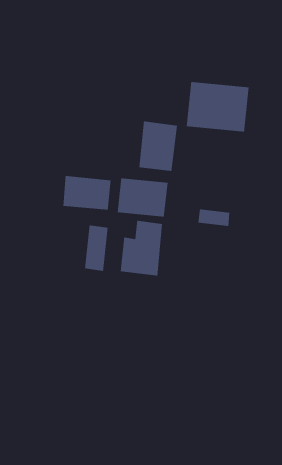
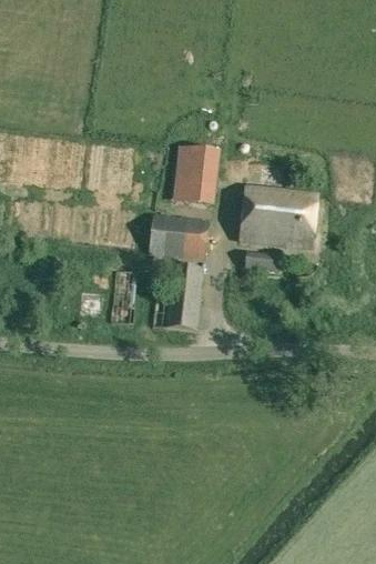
building: [186,82,250,132] -> [240,188,315,248]
building: [63,175,111,210] -> none

